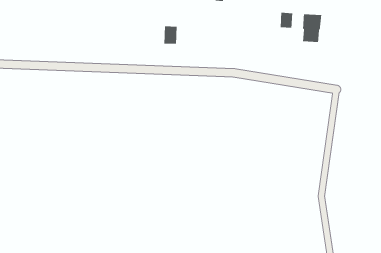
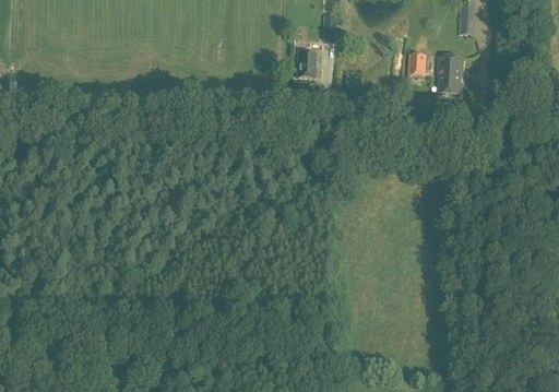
building: [163,25,178,45] -> [297,51,316,76]

